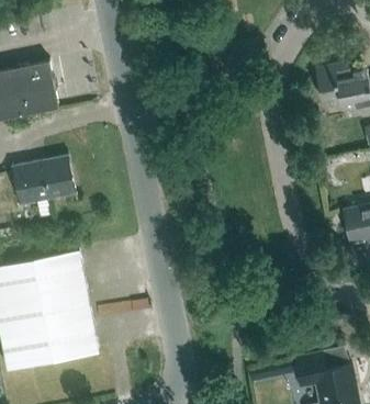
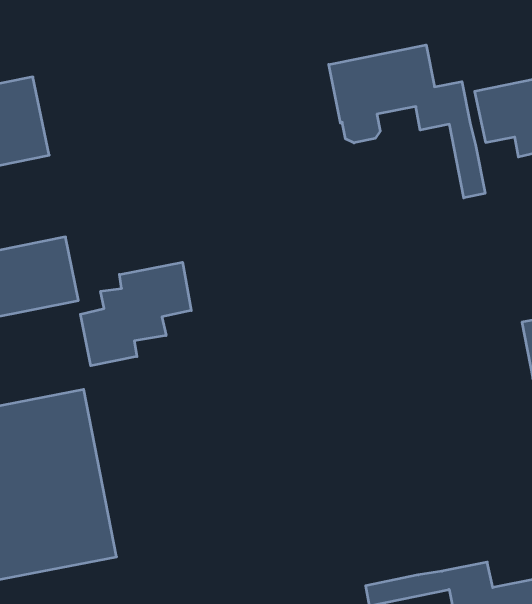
building: none -> [329,45,485,198]
building: none -> [80,262,191,366]

